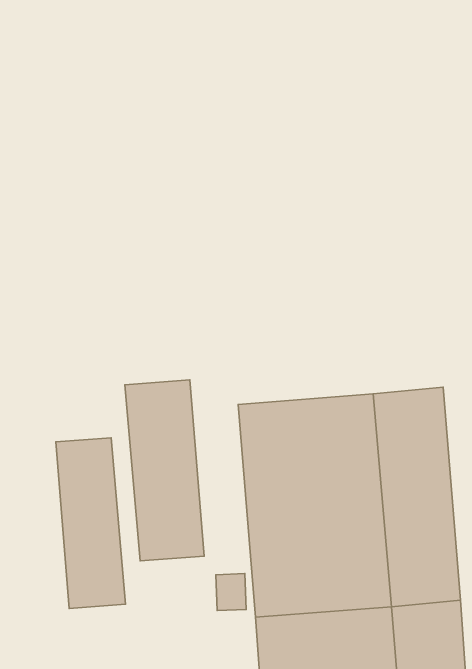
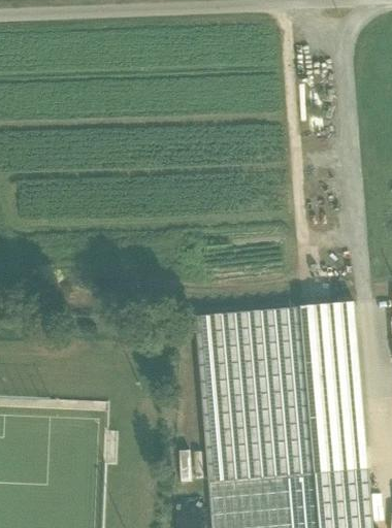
building: [125,380,204,561] -> none
building: [56,438,126,608] -> none

